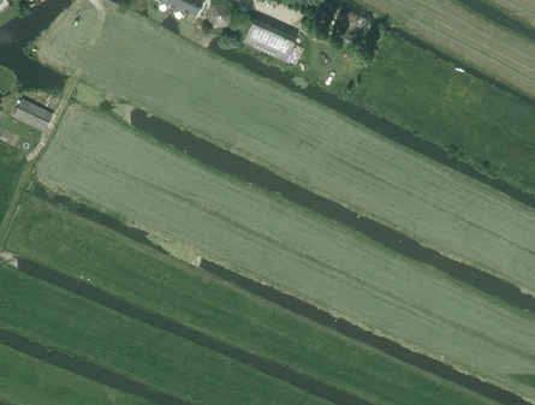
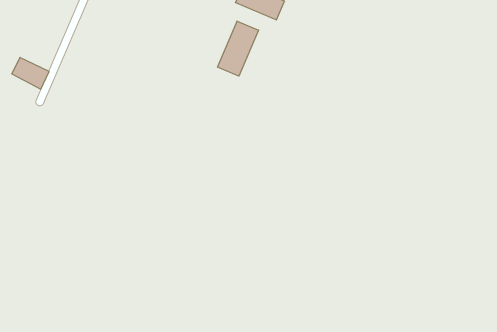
building: none -> [217,21,259,76]

